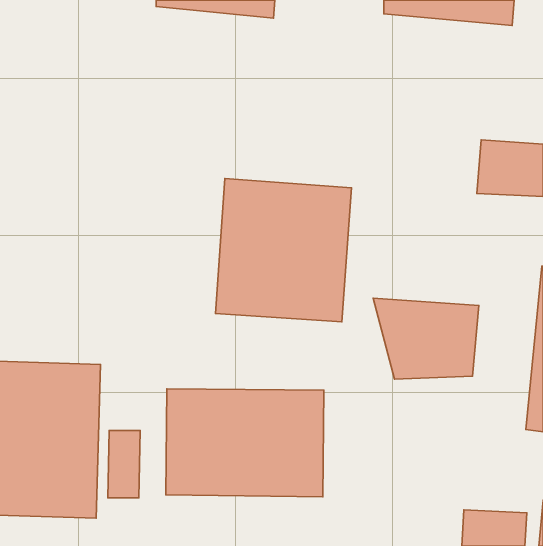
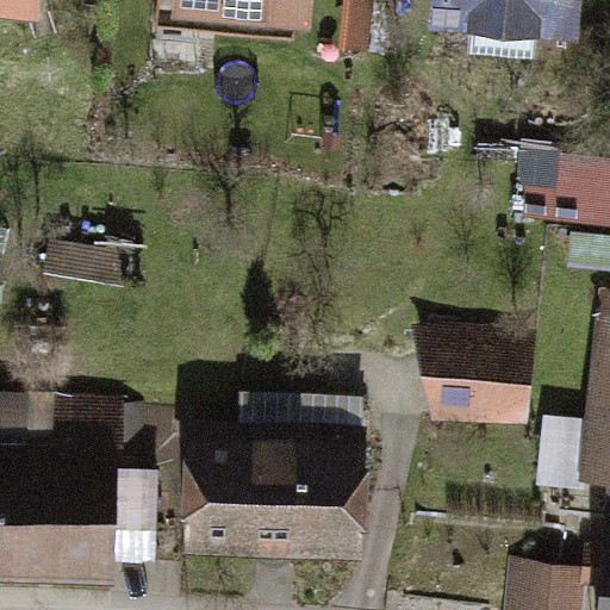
building: [215,178,351,322] -> none

